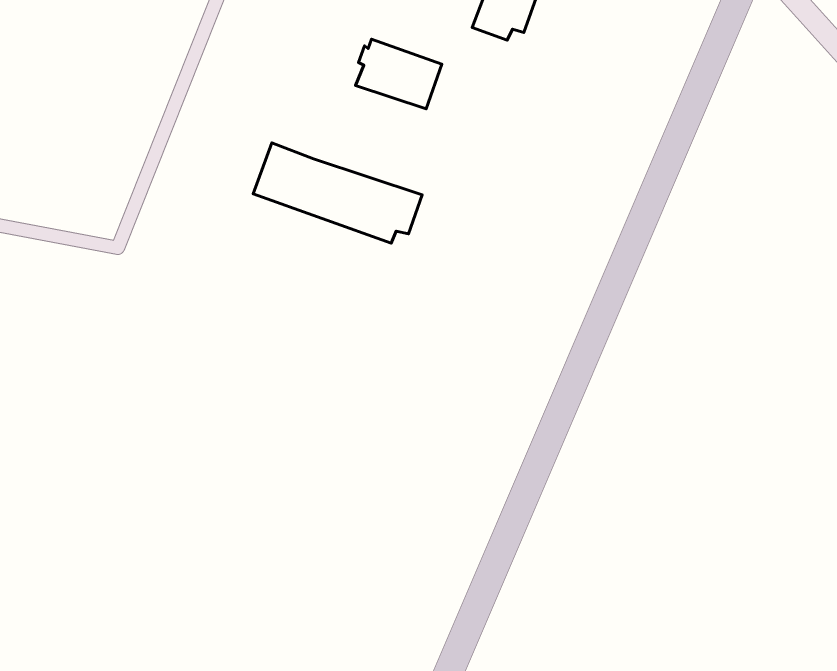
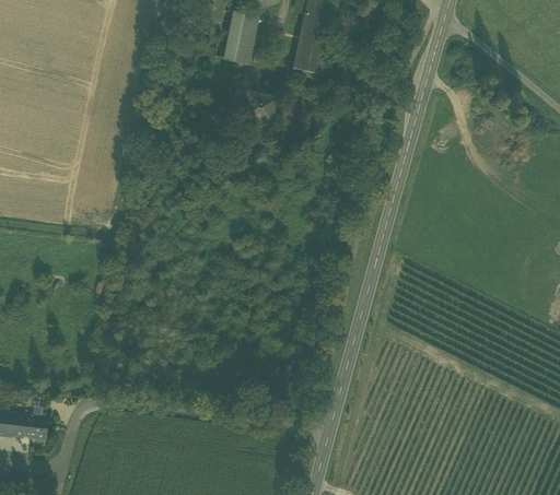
building: [253,143,422,243] -> none

